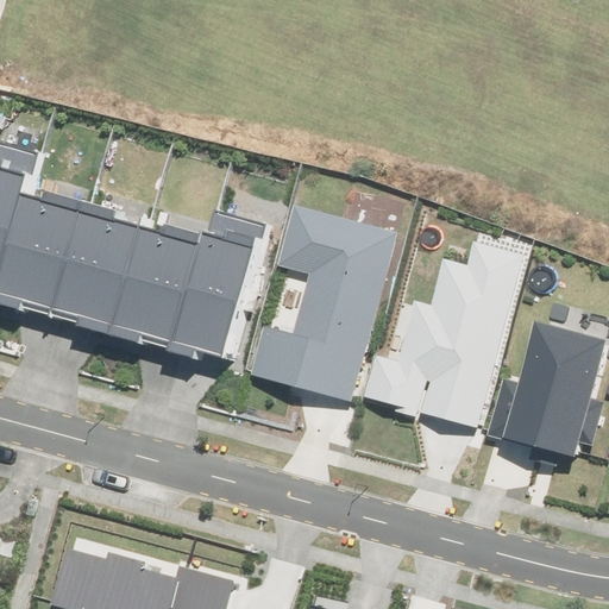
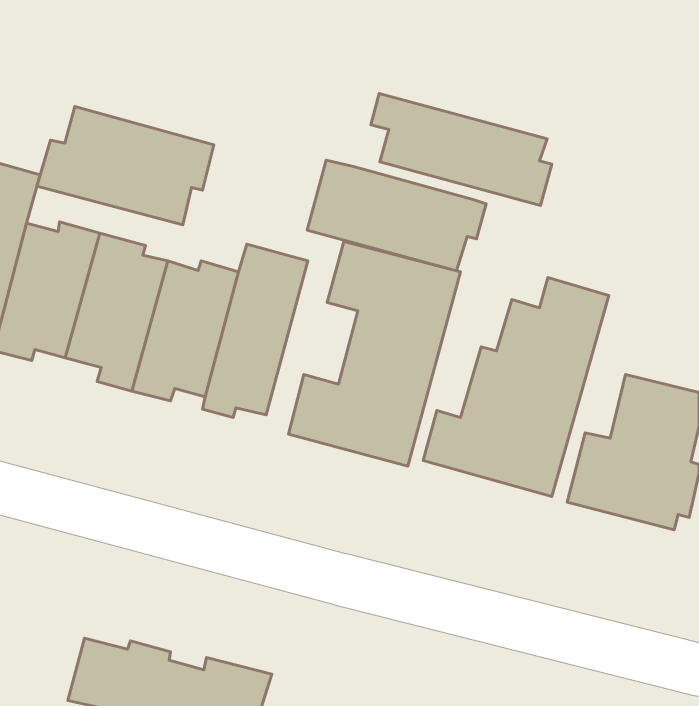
building: none -> [371,93,552,205]
building: none -> [37,106,214,225]
building: none -> [307,160,486,271]

